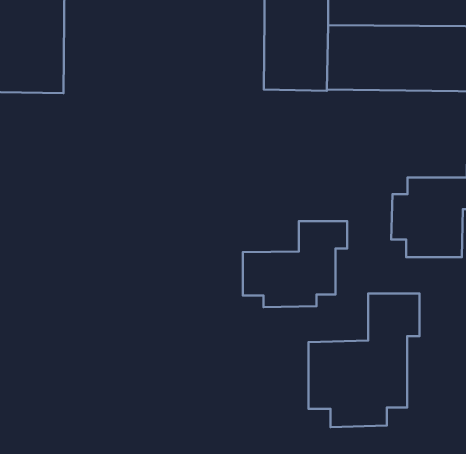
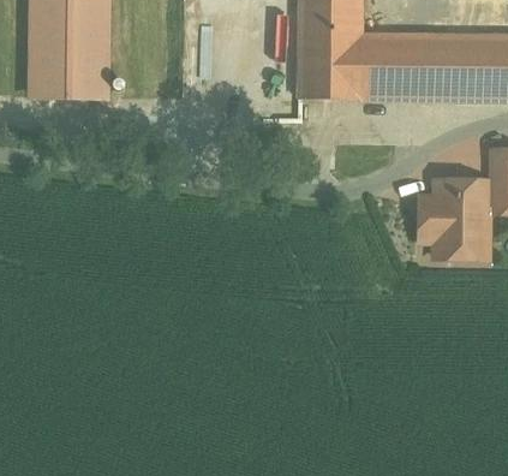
building: [243,221,347,307] -> none
building: [309,294,420,427] -> none

